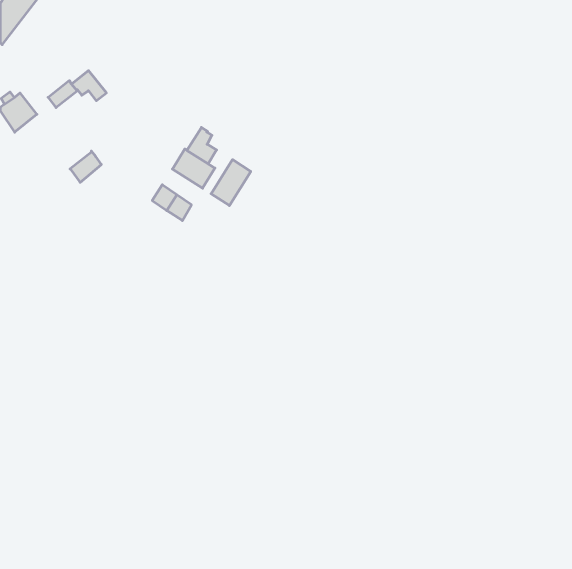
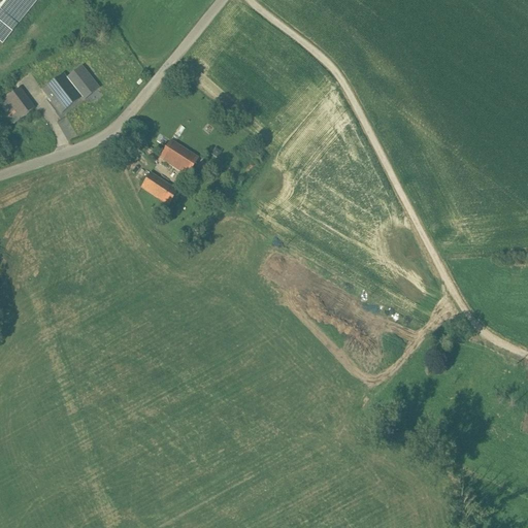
building: [187,127,217,164] -> none
building: [70,151,101,182] -> [52,82,80,111]
building: [211,160,251,206] -> none

